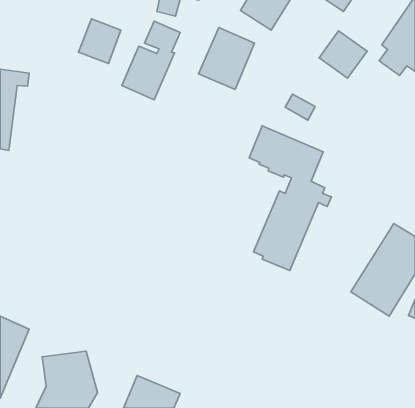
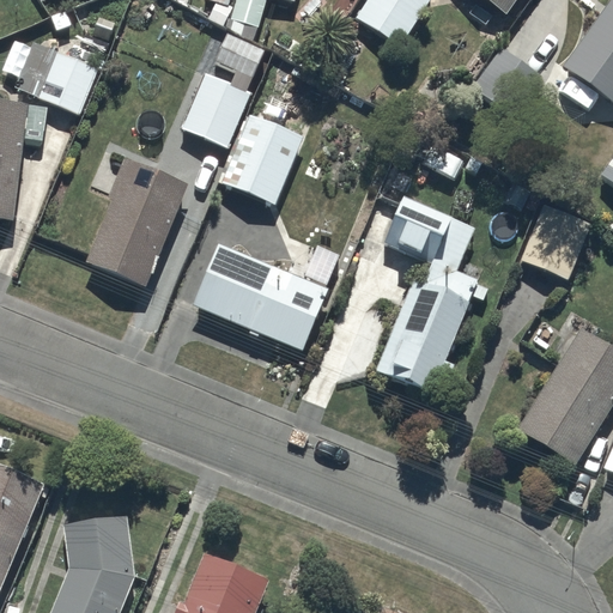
building: [78,19,121,63] -> [35,48,97,114]
building: [199,28,255,89] -> [219,113,302,204]
building: none -> [85,156,189,286]
building: none -> [518,205,588,277]
building: none -> [192,242,328,353]

